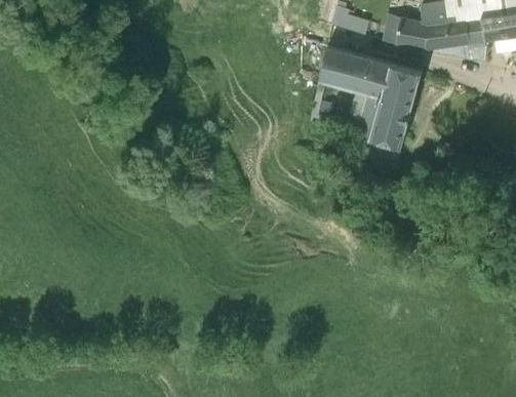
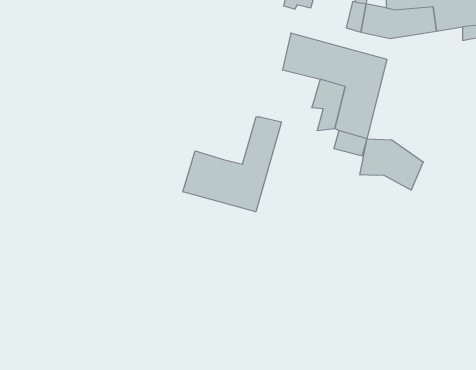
building: none -> [183,117,282,212]
building: none -> [360,139,423,190]

